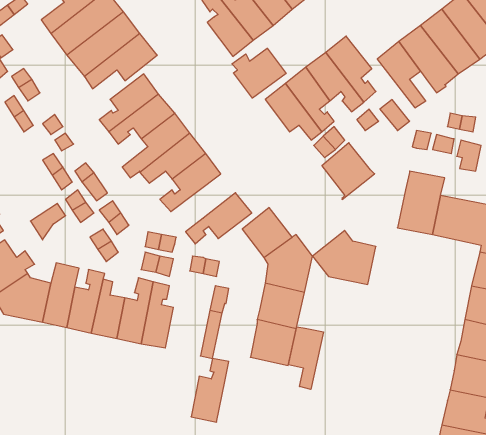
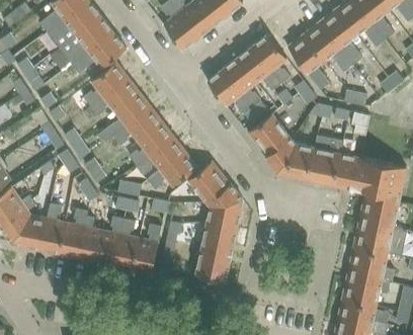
building: [232,48,286,98] -> none
building: none -> [137,138,185,176]
building: [312,230,376,284] -> [265,138,313,178]
building: [288,327,323,389] -> none
building: [191,359,229,422] -> [133,225,161,272]

